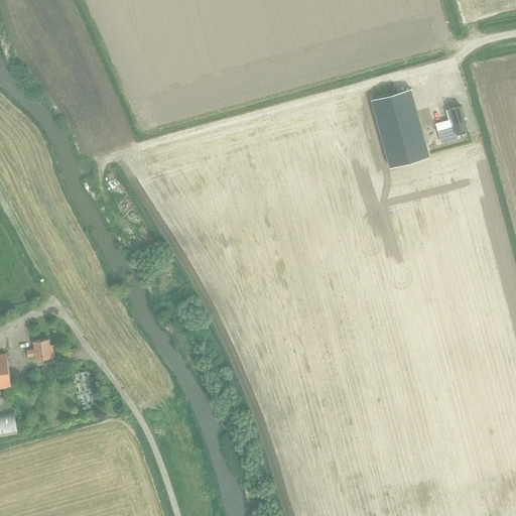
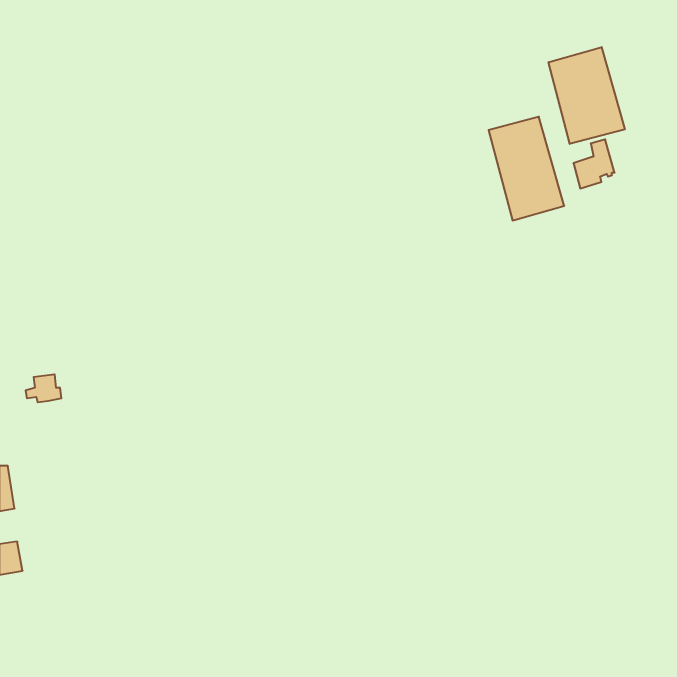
building: none -> [549,47,625,144]
building: [26,340,53,361] -> [26,374,61,402]

